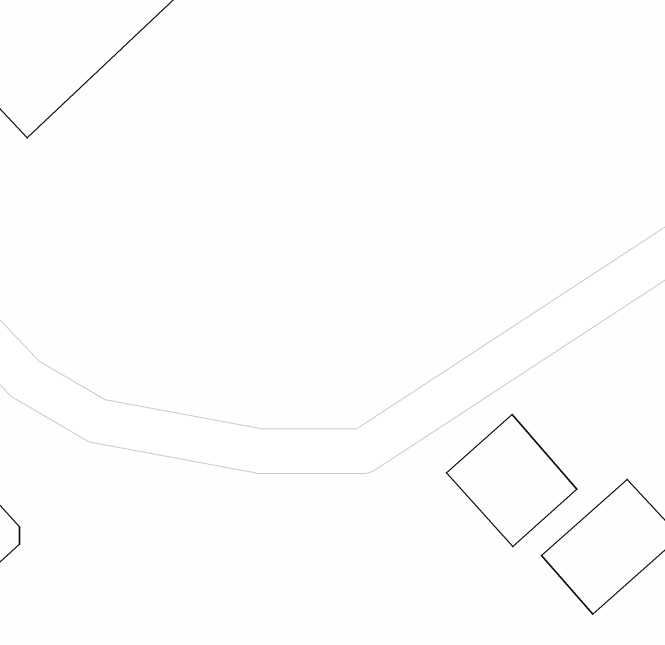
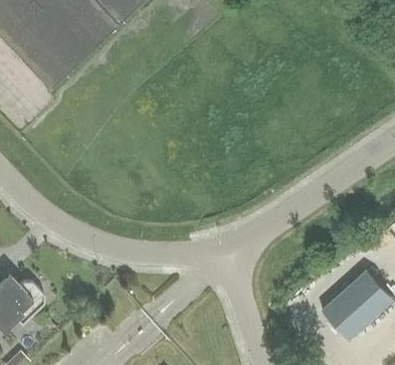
building: [446,415,577,546] -> none

